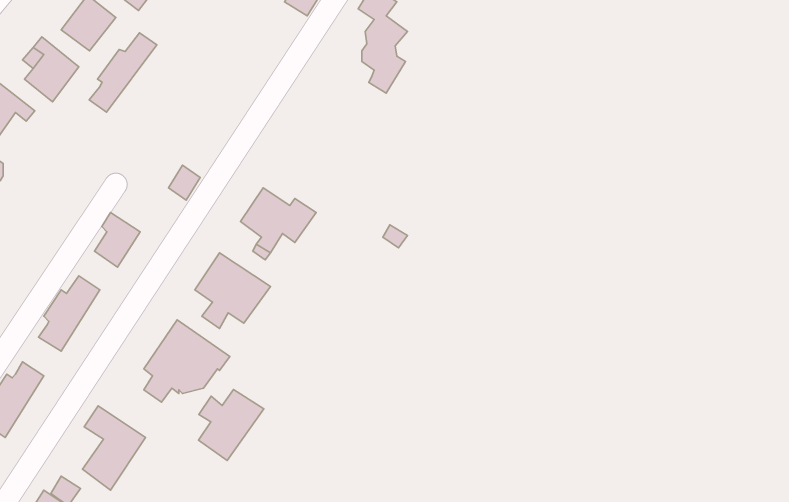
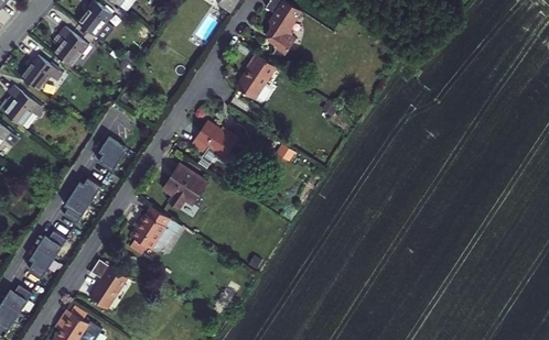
building: [89,33,157,112] -> none
building: none -> [235,51,276,102]
building: [198,390,264,460] -> none

